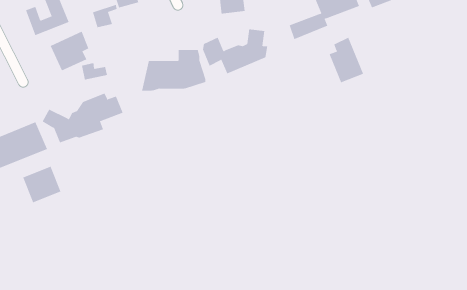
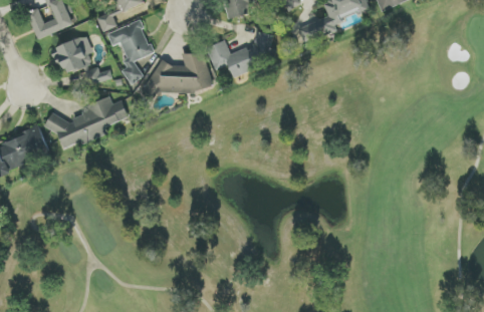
building: none -> [106,19,153,82]
building: [329,37,364,83] -> none
building: [23,166,61,203] -> none

